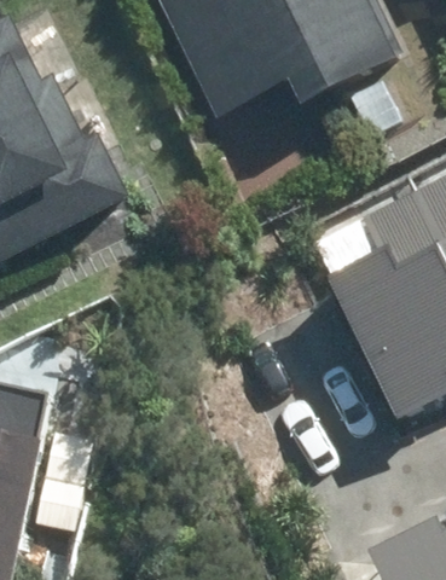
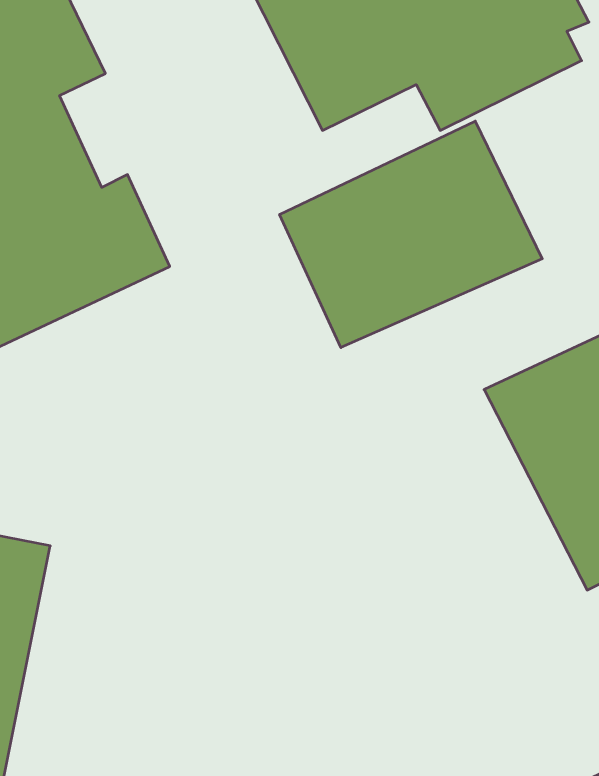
building: none -> [280,121,542,348]

